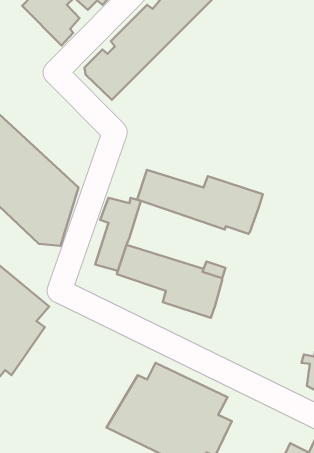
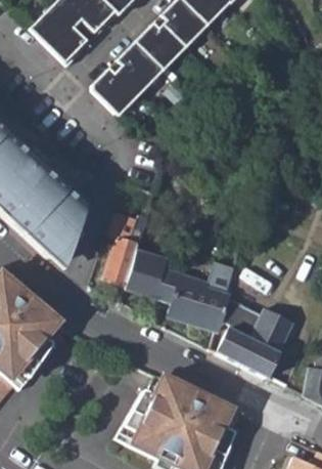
building: [137,170,263,234] -> none
building: none -> [218,294,293,377]

